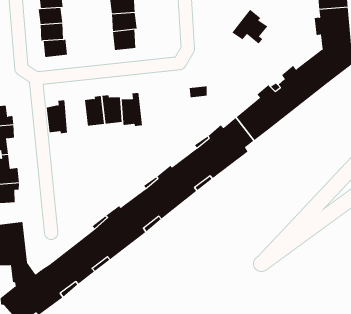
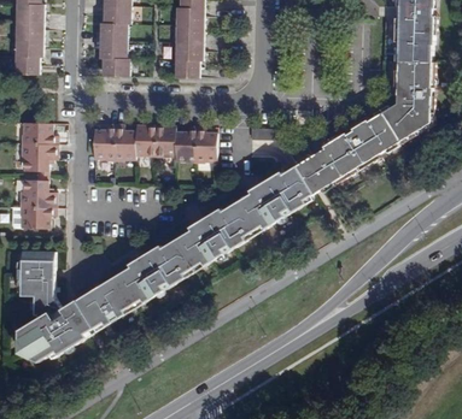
building: [232,9,268,44] -> none
building: none -> [197,126,217,163]
building: none -> [115,125,136,161]

